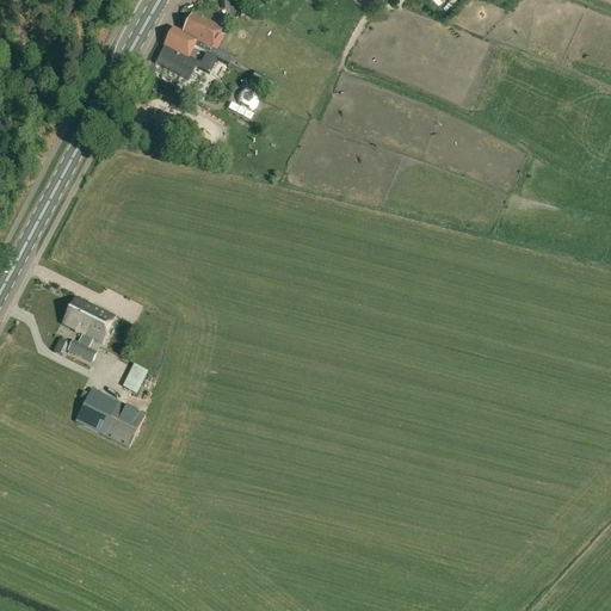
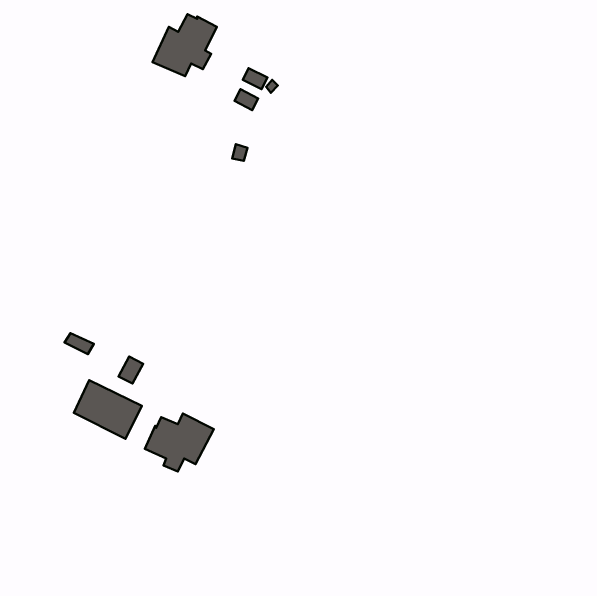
building: [61,296,112,340] -> none
building: none -> [145,414,214,472]

